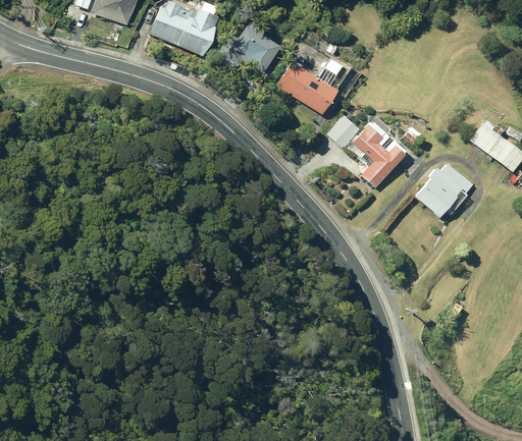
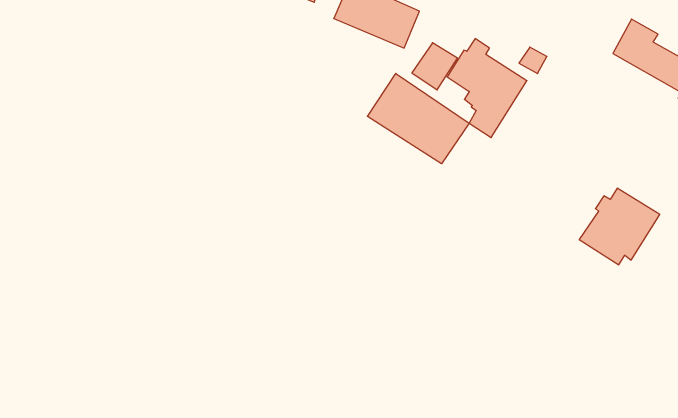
building: none -> [367,73,469,164]
building: [415,162,474,216] -> [579,188,660,265]

